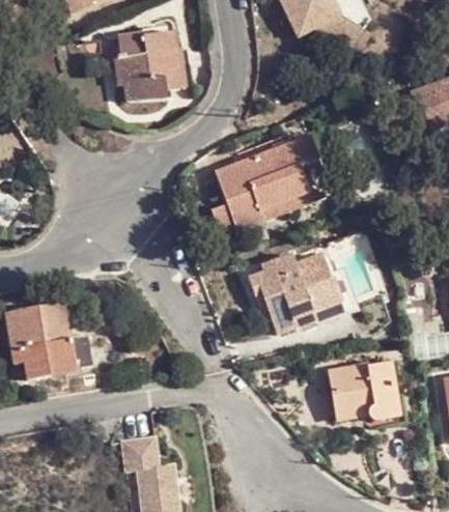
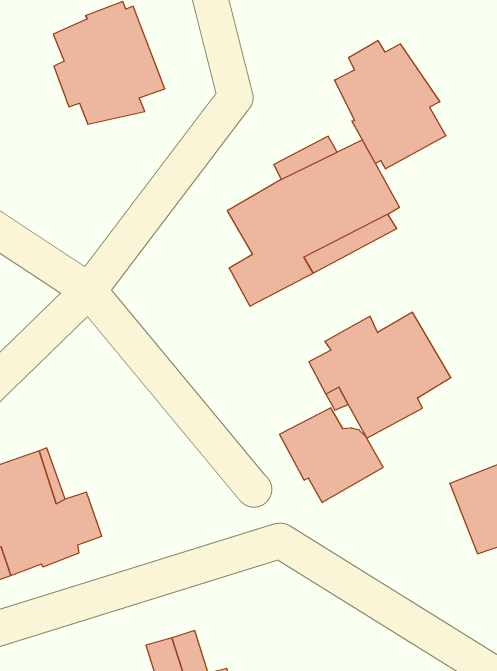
building: none -> [334,40,446,169]
building: none -> [280,408,383,503]

